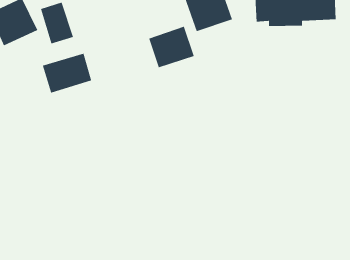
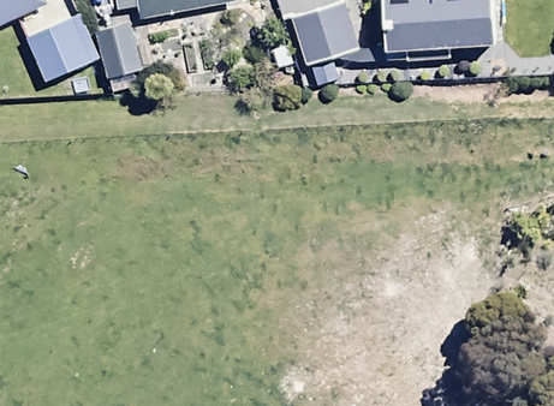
building: [148,26,195,68] -> none
building: [42,53,92,94] -> none

